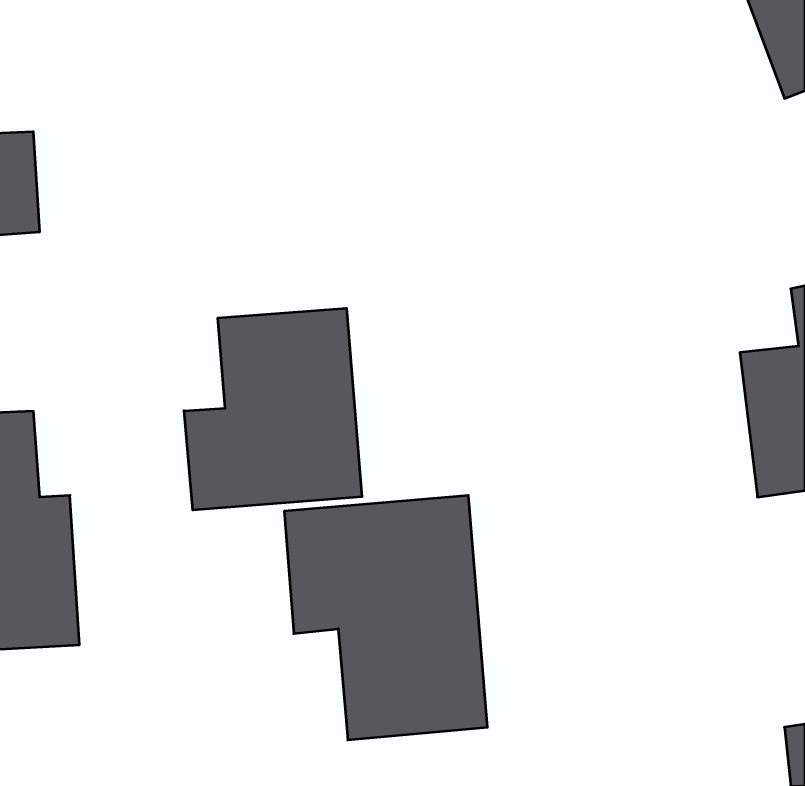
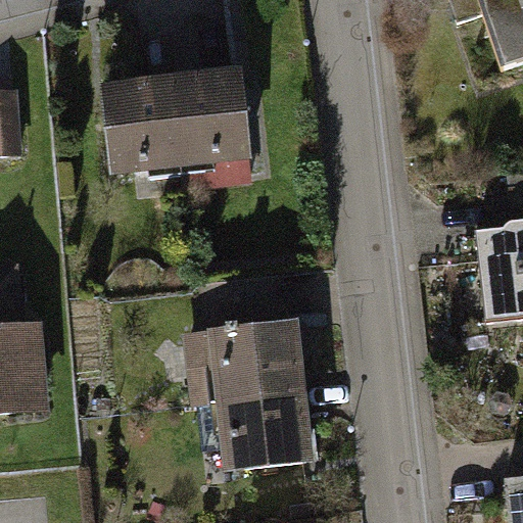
building: none -> [98,72,250,177]
building: [184,308,362,510] -> none

